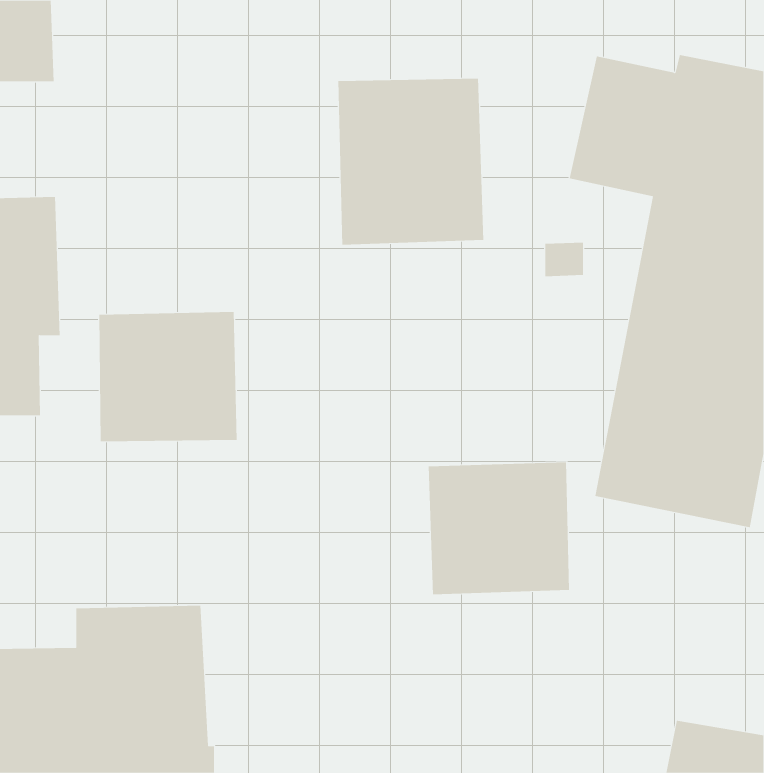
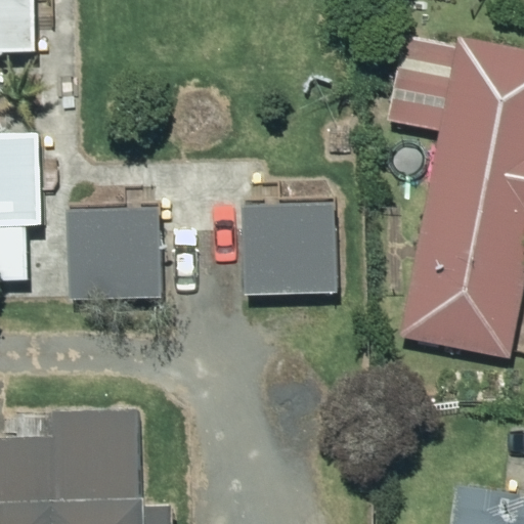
building: [338,78,484,245] -> none
building: [428,462,570,595] -> [242,205,338,295]

